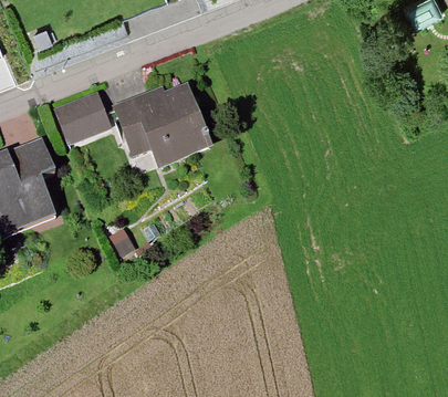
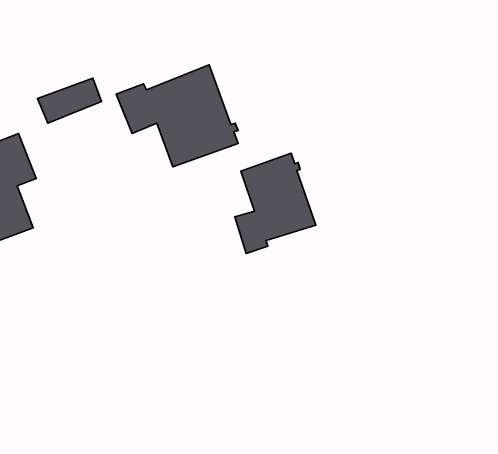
building: none -> [235,153,316,254]

